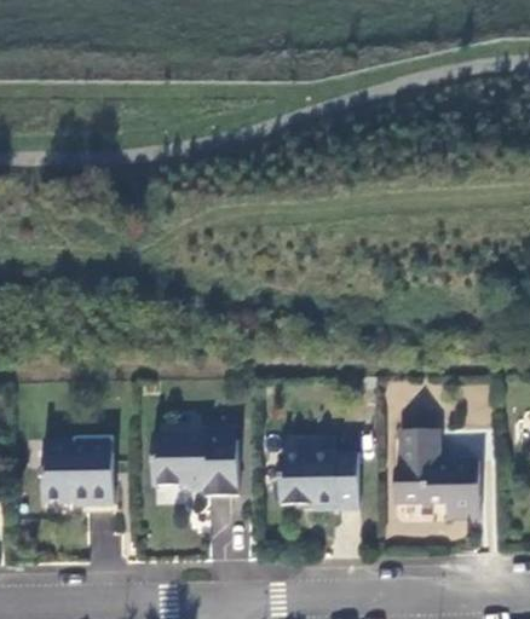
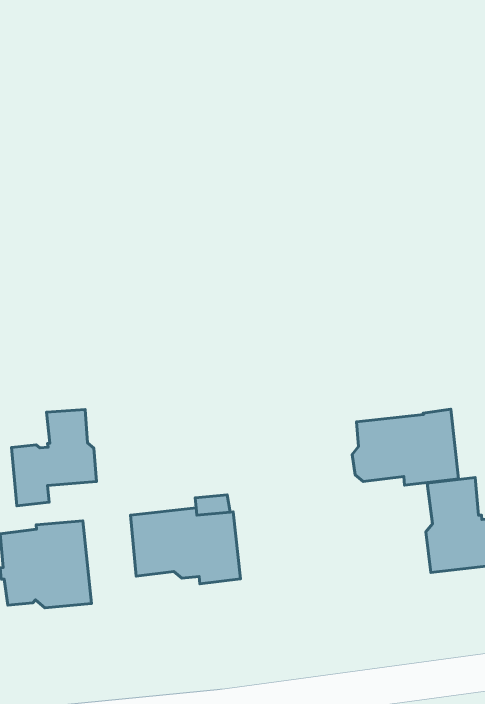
building: none -> [12,409,96,506]
building: [272,451,358,510] -> [352,409,458,485]

